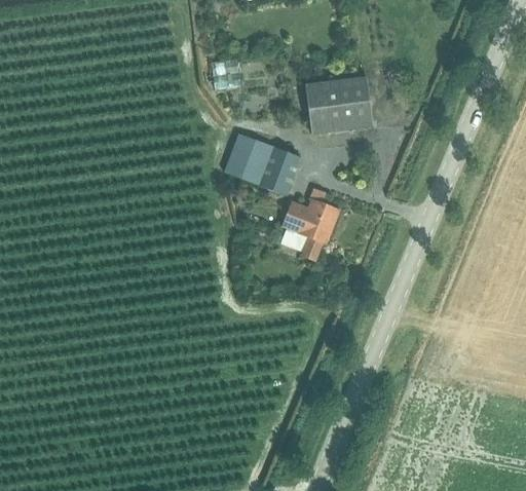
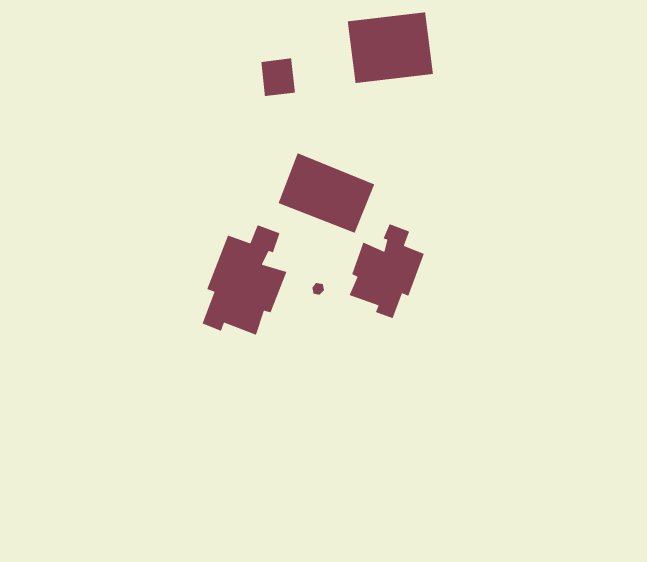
building: [305,78,373,135] -> [347,12,434,84]
building: none -> [201,224,287,336]

